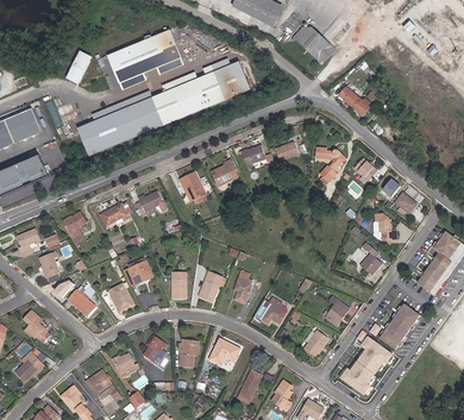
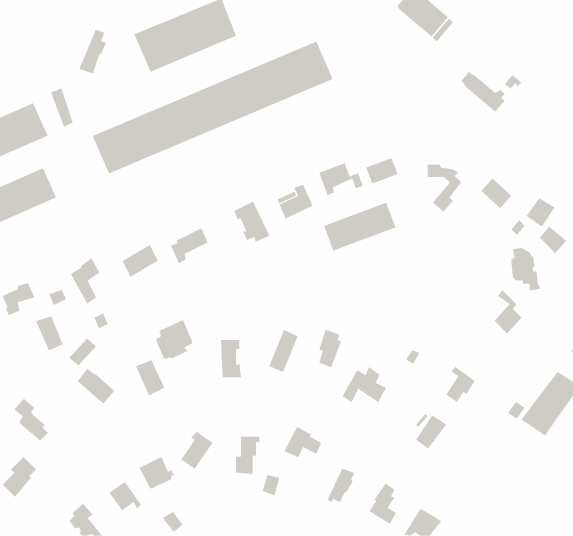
building: none -> [323,202,396,252]
building: [343,331,395,389] -> none

